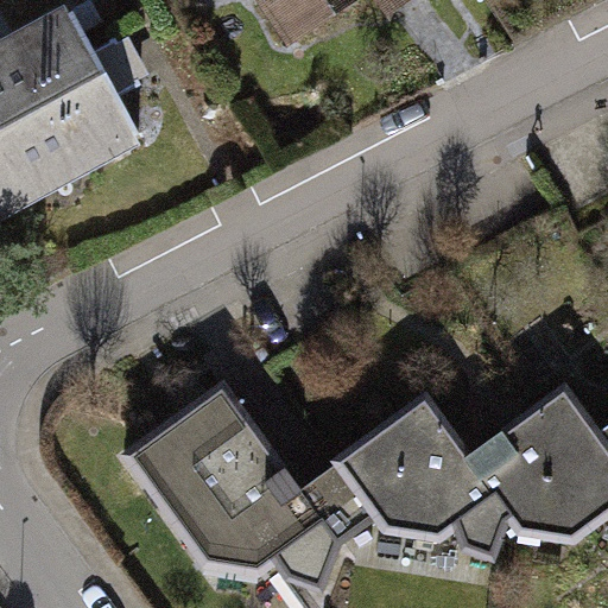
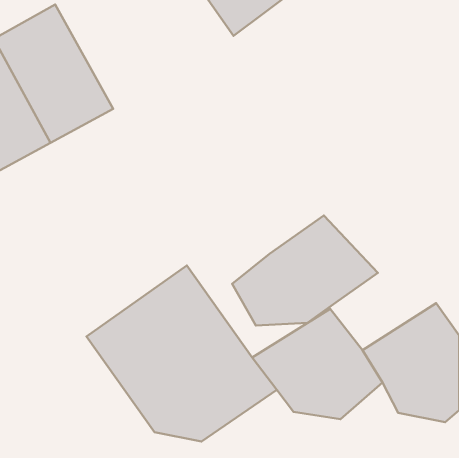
building: none -> [232,216,378,325]

